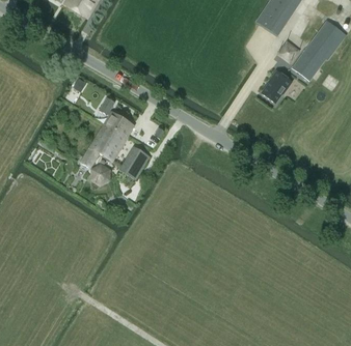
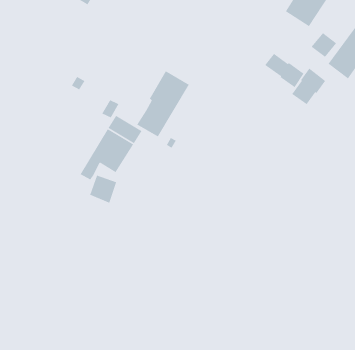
building: none -> [264,53,304,88]
building: none -> [136,70,190,137]
building: [119,145,150,177] -> none

